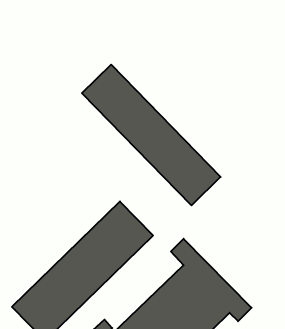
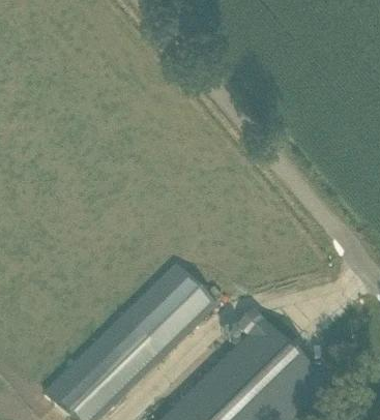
building: [82,65,221,205] -> none

